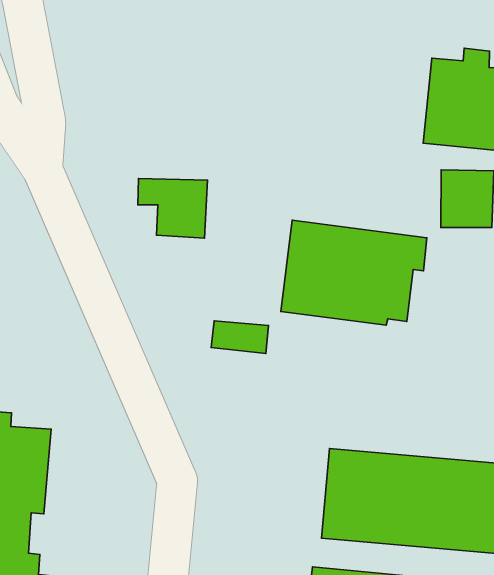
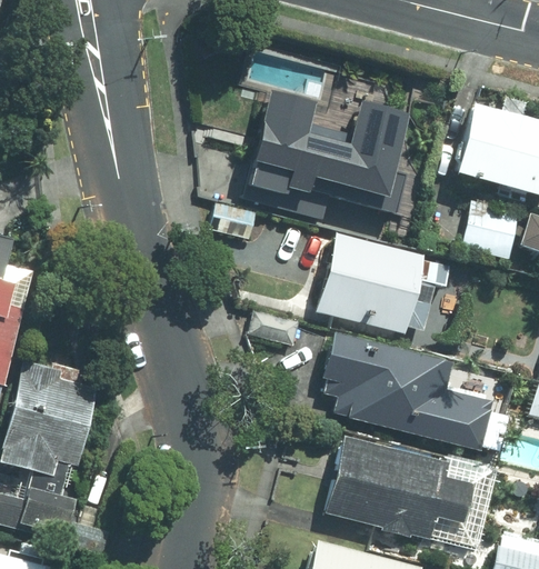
building: none -> [260,77,391,206]
building: none -> [317,333,481,447]

